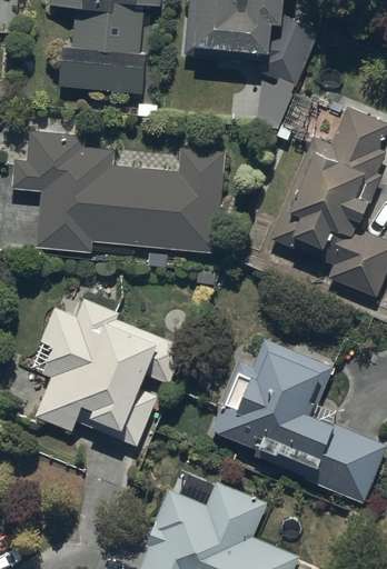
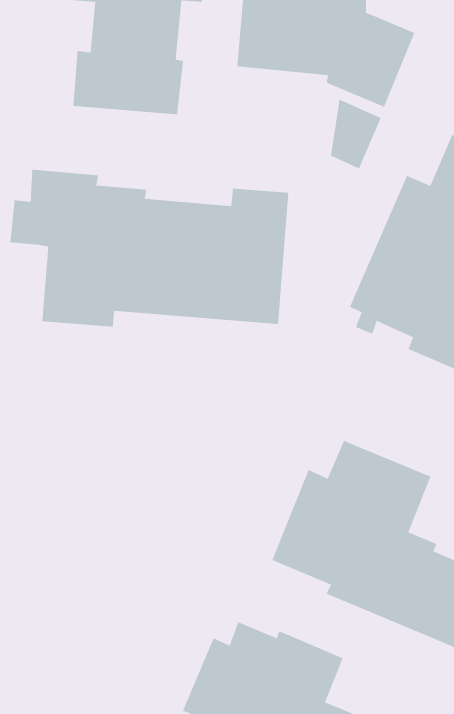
building: [37,299,186,446] -> none

